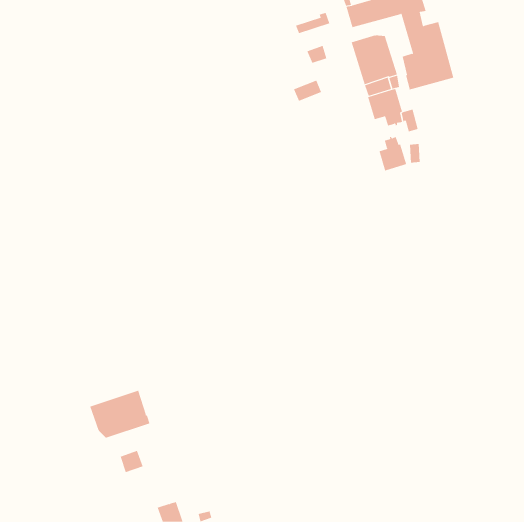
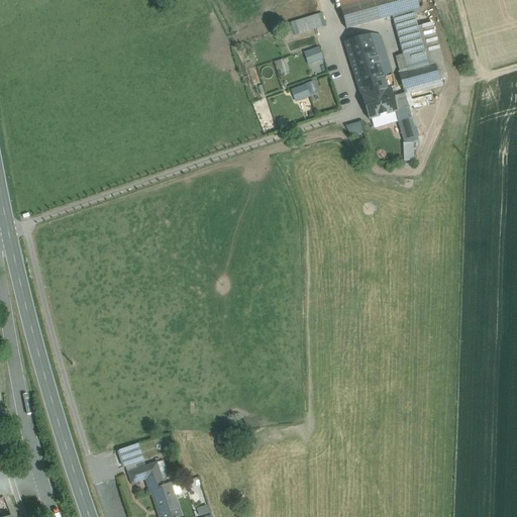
building: [379,136,407,172] -> none
building: [90,390,150,438] -> none
building: none -> [128,461,167,500]

